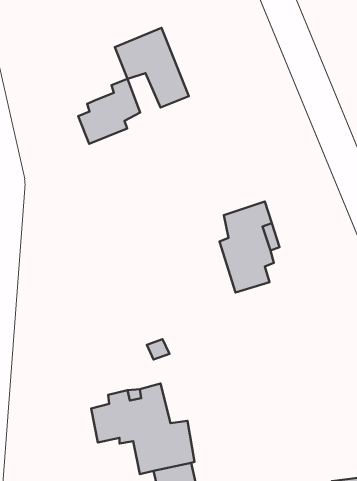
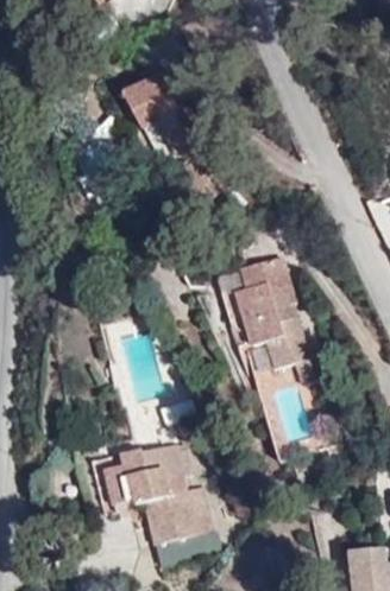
building: [78,79,140,144] -> none
building: none -> [266,319,310,374]

